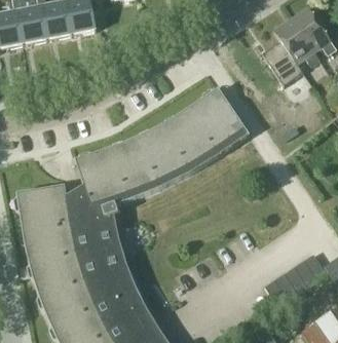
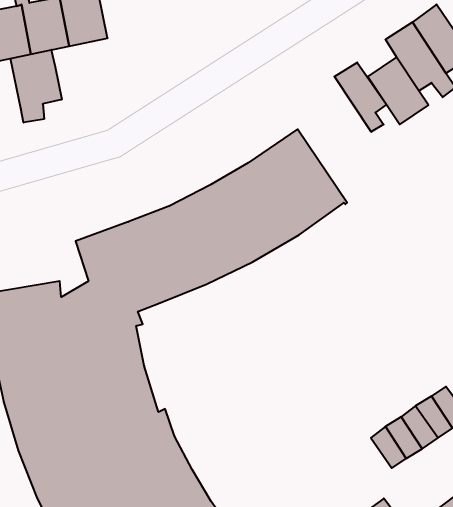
building: none -> [10,50,62,123]
building: none -> [334,62,386,132]

